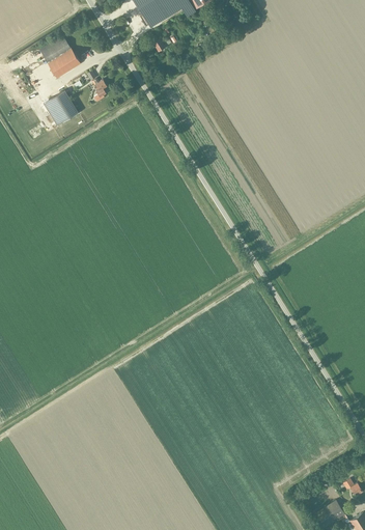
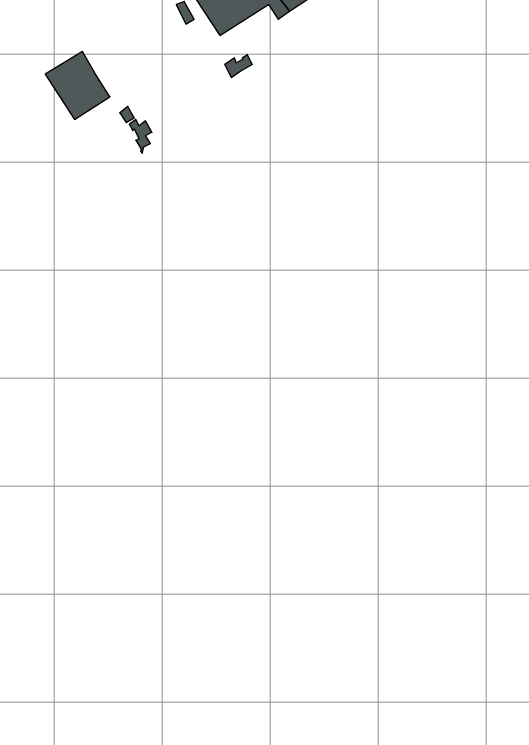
building: [44,90,78,125] -> none

